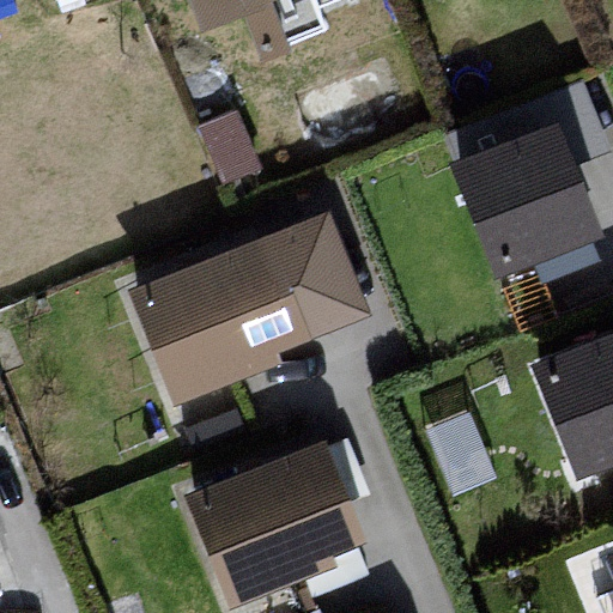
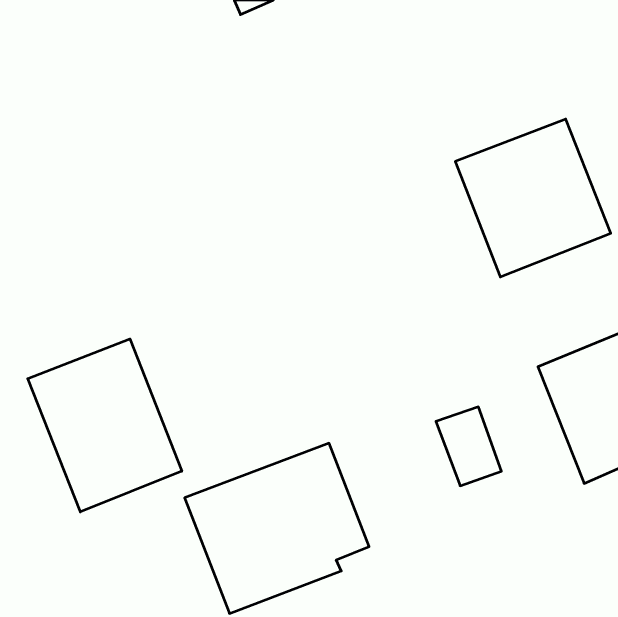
building: [126,212,374,407] -> none
building: none -> [28,339,182,512]

